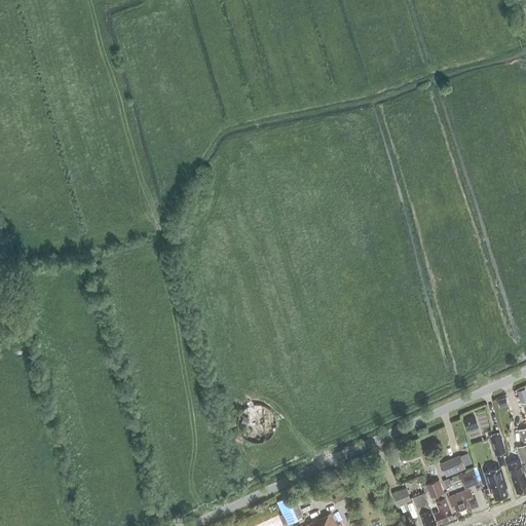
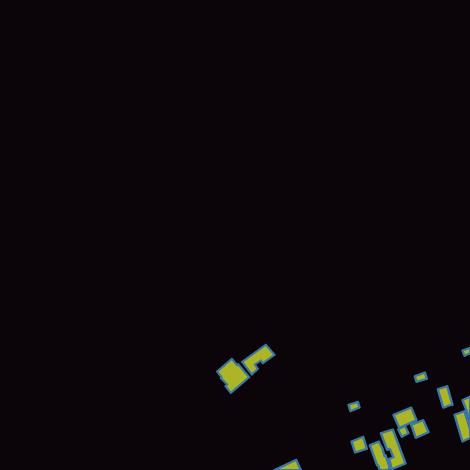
building: none -> [242,345,275,374]
building: [485,466,506,499] -> none
building: [448,489,474,516] -> none

